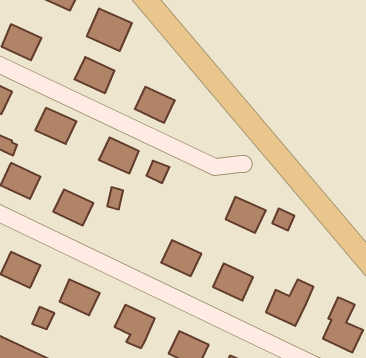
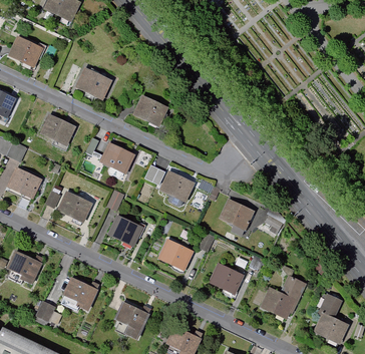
building: [87,8,132,51] -> none
building: none -> [158,168,197,204]
building: none -> [106,216,144,250]

